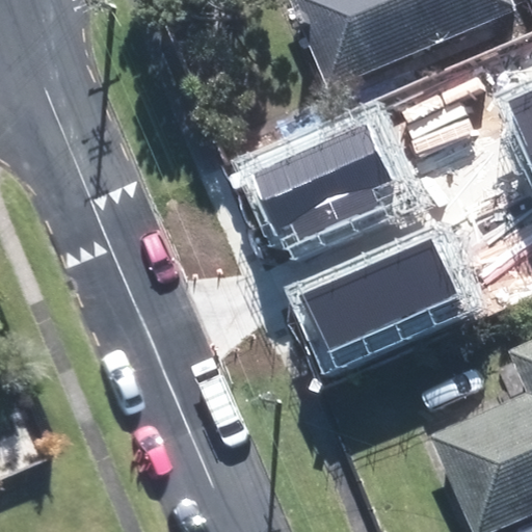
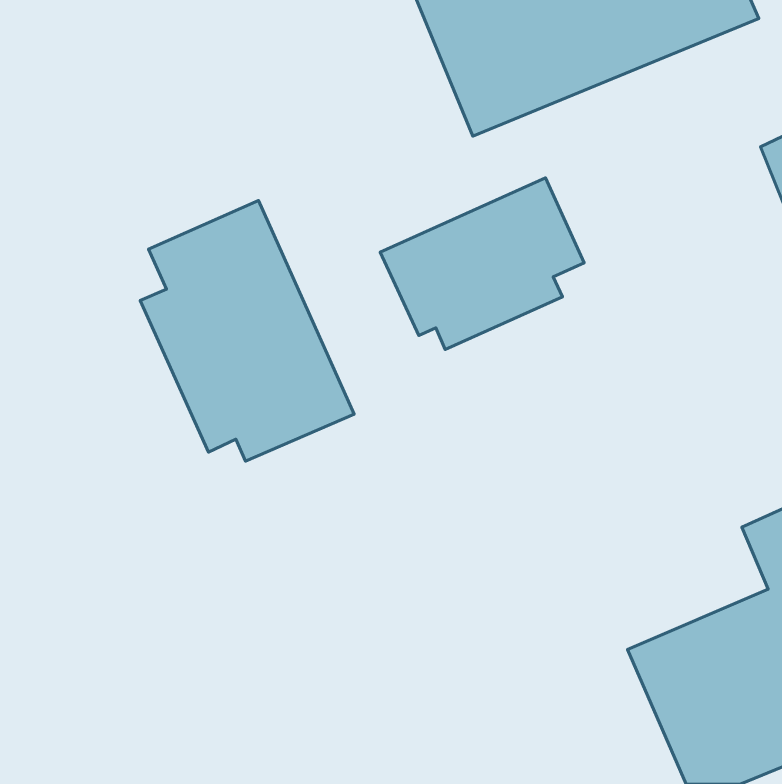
building: none -> [140,201,354,461]
building: [312,235,461,346] -> none

